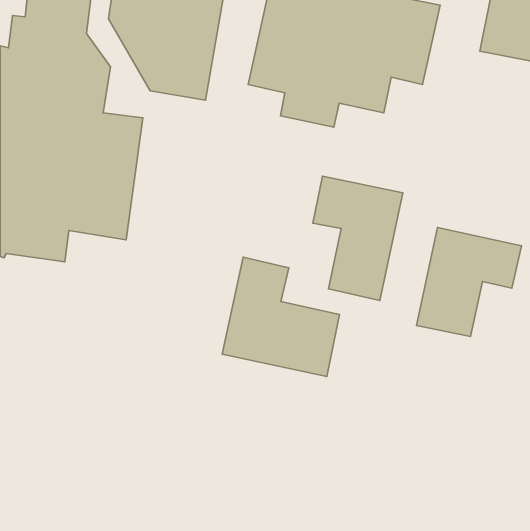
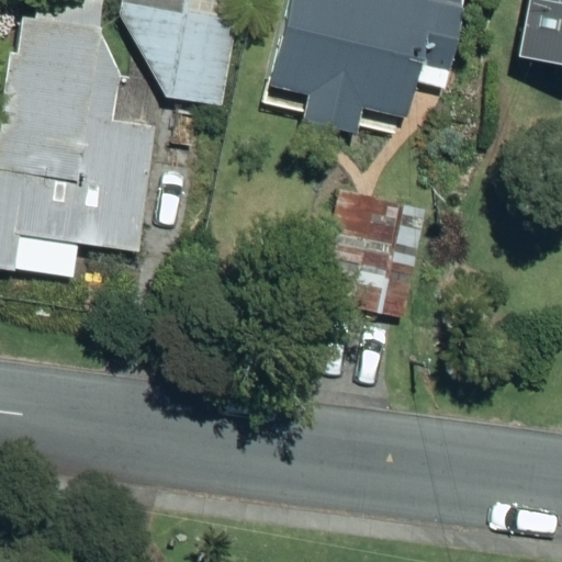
building: [417,227,521,336] -> none
building: [222,257,339,376] -> none

